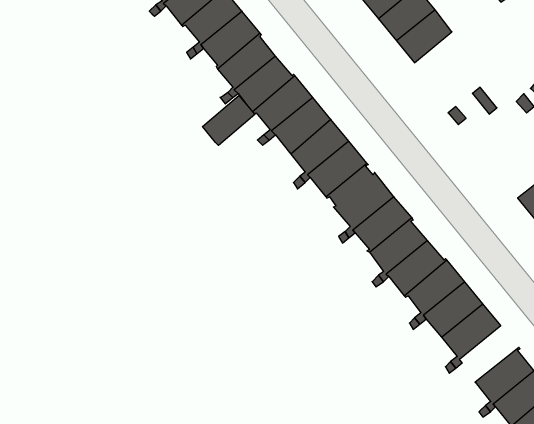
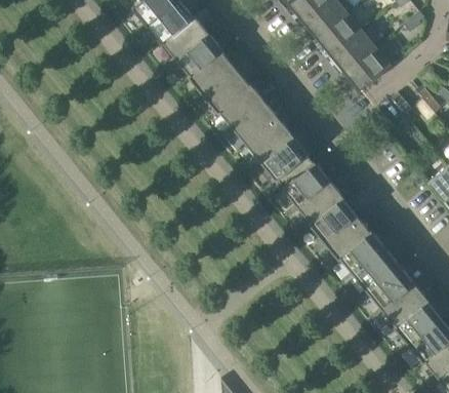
building: none -> [346,48,391,90]
building: [203,96,255,145] -> none
building: none -> [382,282,430,327]

